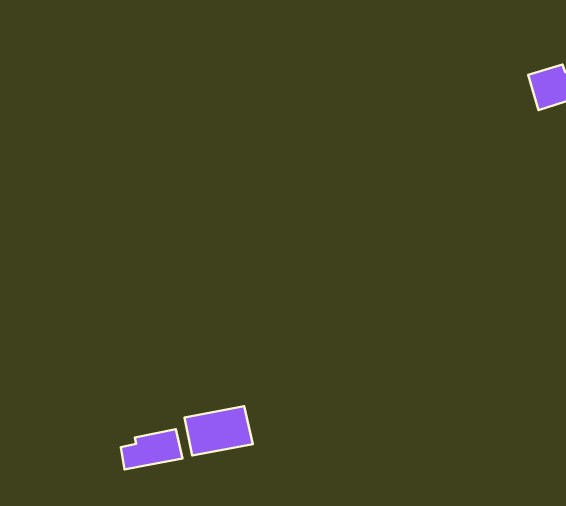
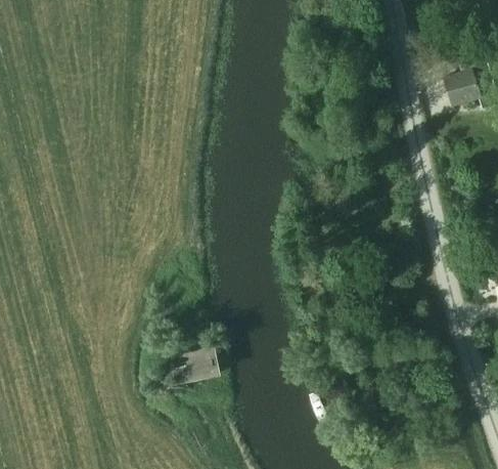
building: [121,429,183,470] -> none

